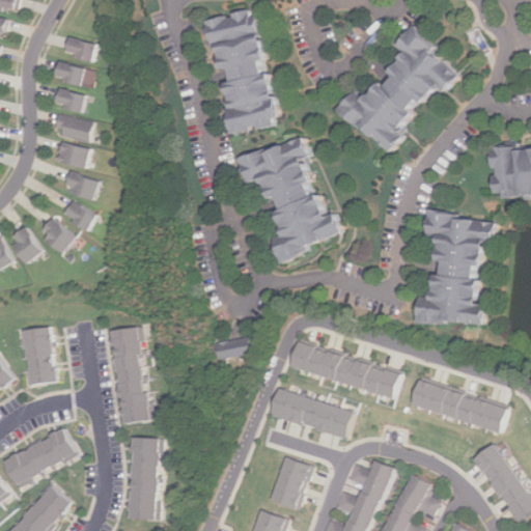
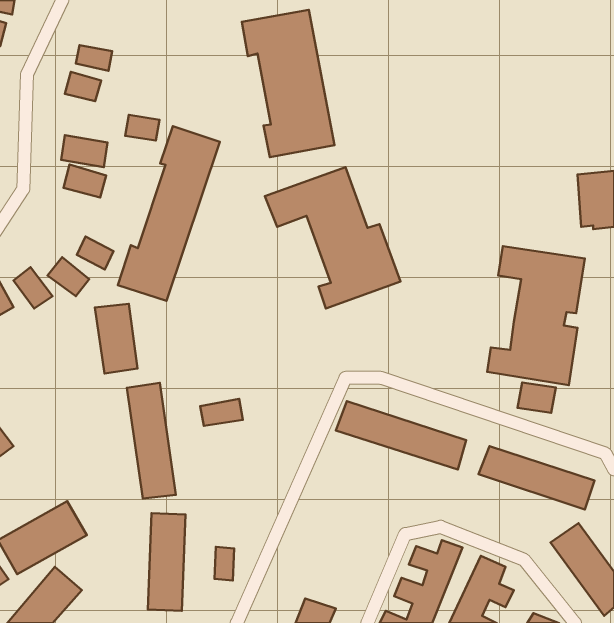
building: [339,26,465,149] -> none
building: [56,89,85,111] -> [125,115,159,141]
building: none -> [118,126,220,301]
building: [62,172,96,200] -> none
building: none -> [517,382,556,413]
building: [16,327,52,386] -> [95,304,137,373]
building: [215,336,251,359] -> [200,399,243,426]
building: [267,388,353,441] -> none
building: [268,457,309,509] -> none
building: none -> [214,547,234,581]

